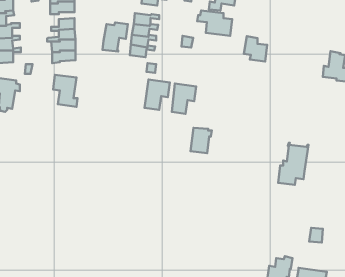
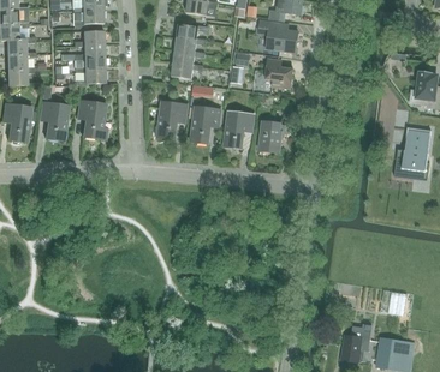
building: [103,22,128,52] -> [156,102,188,138]
building: [244,36,267,62] -> [264,58,293,89]
building: none -> [40,102,69,140]
building: [191,128,212,153] -> [258,121,285,152]
building: [278,143,308,185] -> [394,127,432,179]

